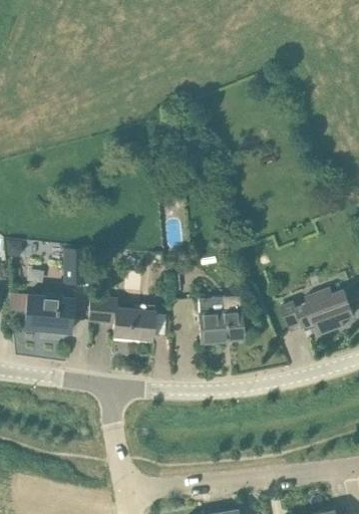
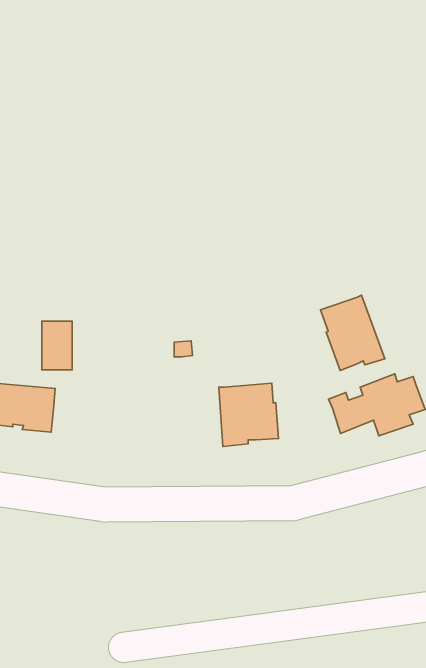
building: none -> [320,295,385,370]
building: [88,296,154,339] -> none

